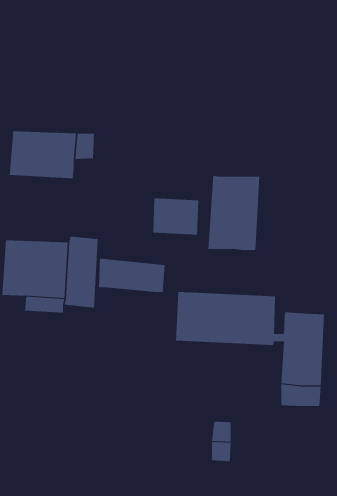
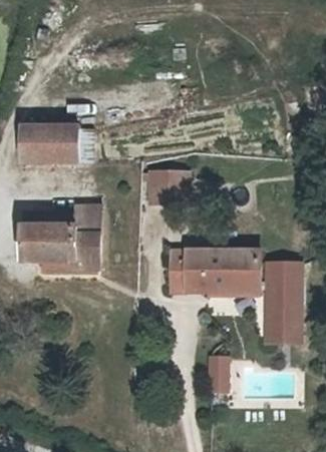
building: [208,175,260,251] -> none
building: [98,258,165,293] -> none

